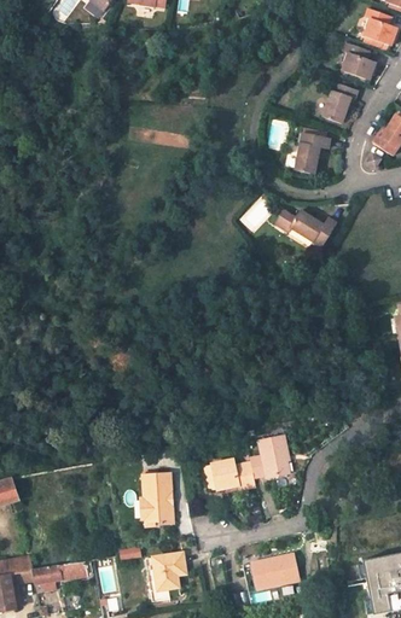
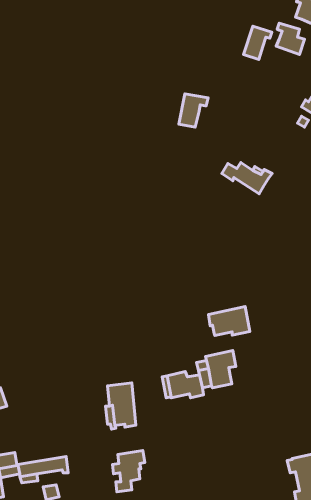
building: [324,82,358,122] -> [244,26,272,60]
building: [295,133,330,173] -> [179,94,208,127]
building: none -> [208,307,250,335]
building: [252,552,301,588] -> none

